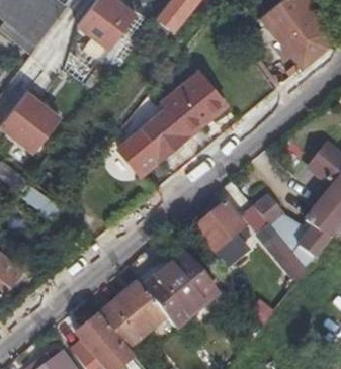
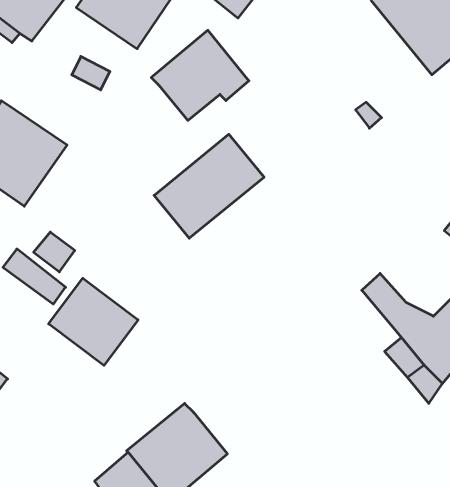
building: [162,70,227,129] -> [151,30,249,120]
building: none -> [49,278,138,365]
building: [195,205,251,269] -> none
building: [144,257,217,329] -> none

